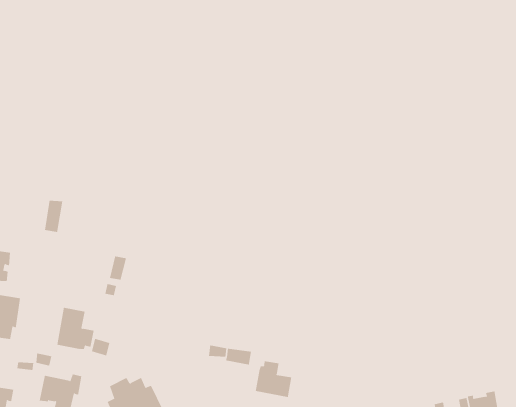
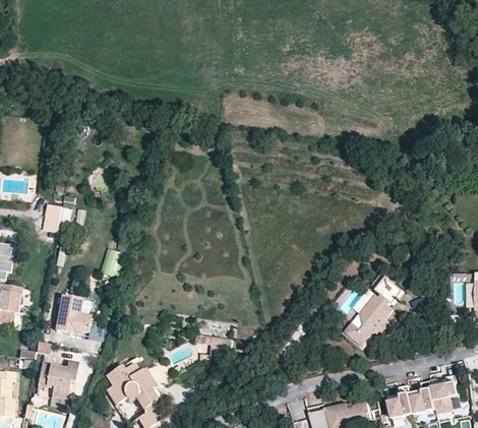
building: none -> [345,279,404,347]
building: [255,360,292,398] -> none

